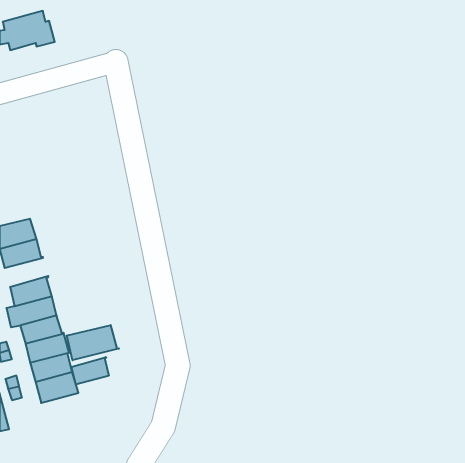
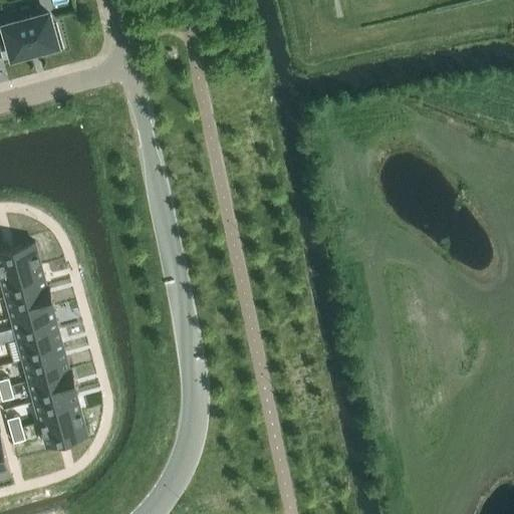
building: none -> [5,287,53,319]
building: [67,325,119,360] -> none
building: [72,357,109,385] -> none

